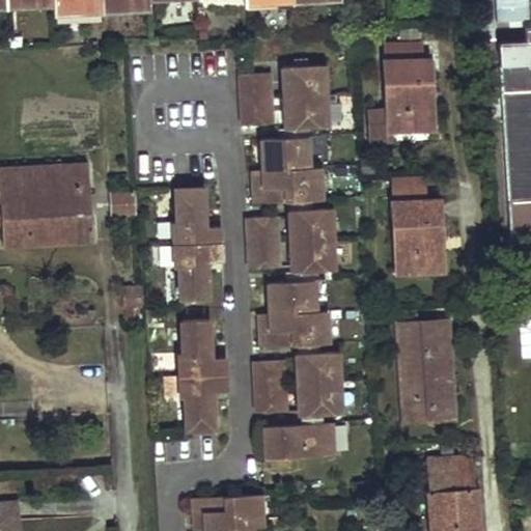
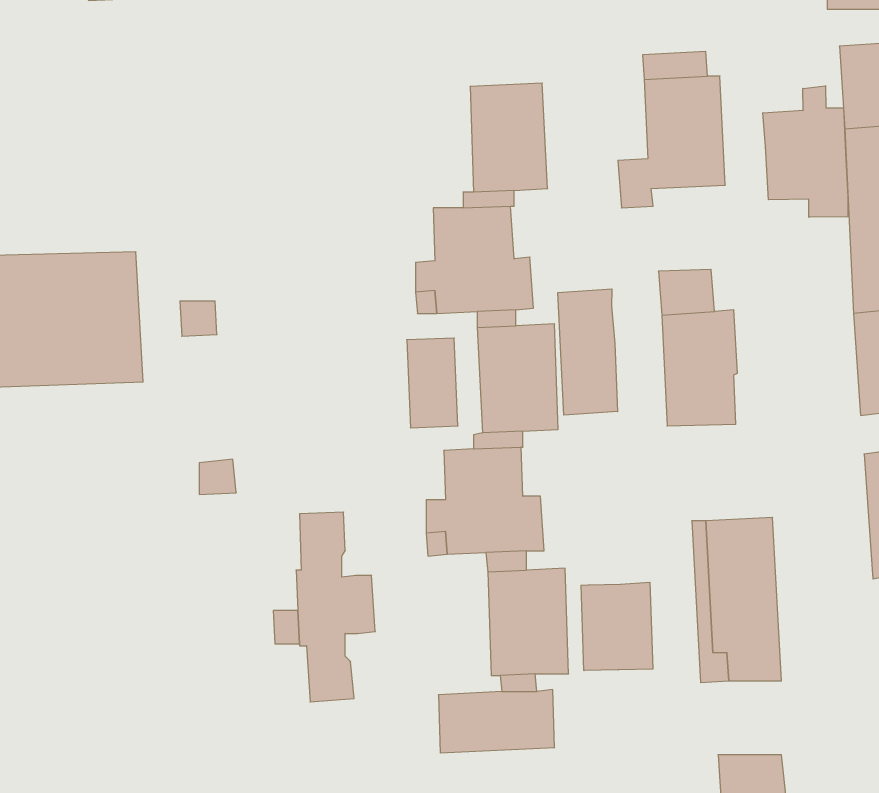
building: none -> [763,86,848,217]
building: [240,74,271,124] -> none
building: none -> [558,289,618,415]
building: [174,189,221,300] -> none
building: none -> [581,582,653,671]
building: [253,361,281,413] -> none

